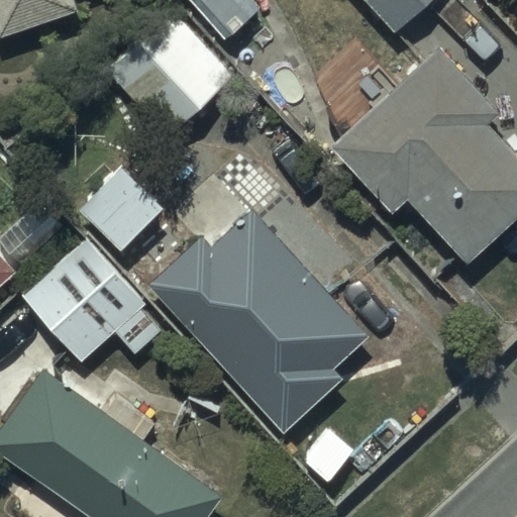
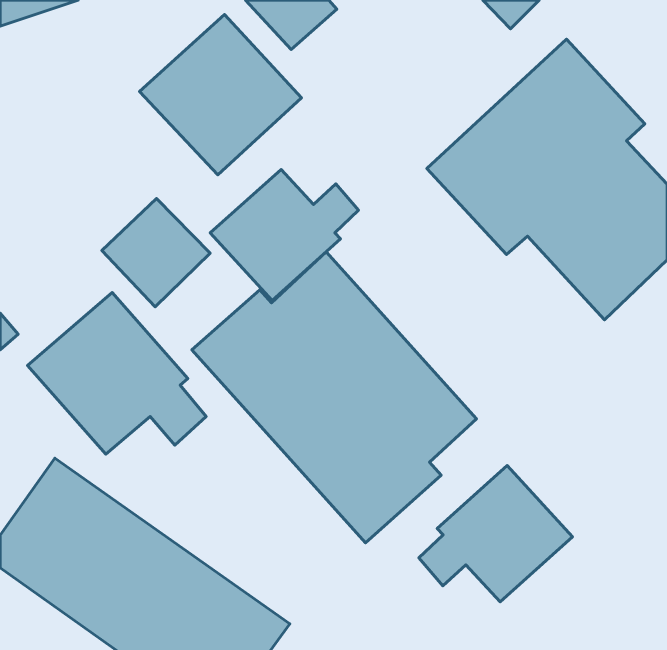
building: none -> [210,169,359,300]
building: none -> [419,465,573,602]

